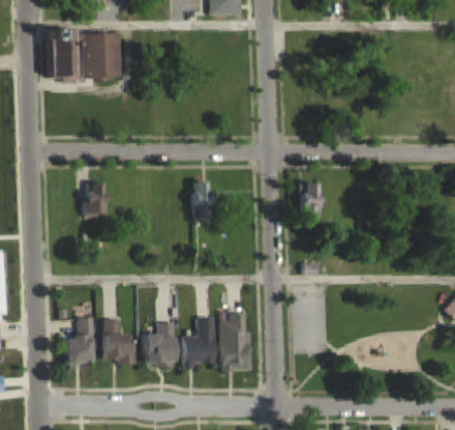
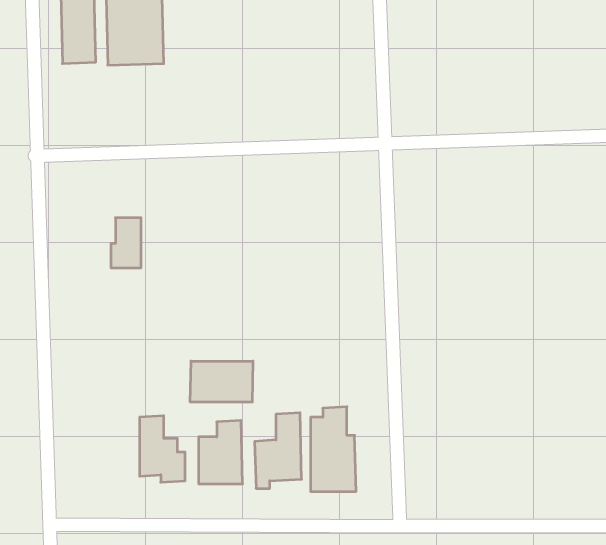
building: [193,181,212,220] -> none
building: [300,183,320,220] -> none
building: none -> [190,361,253,402]
building: [65,318,94,364] -> none

